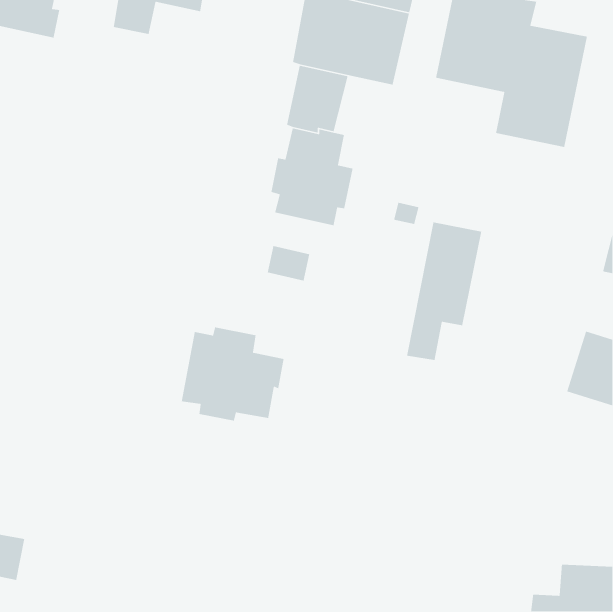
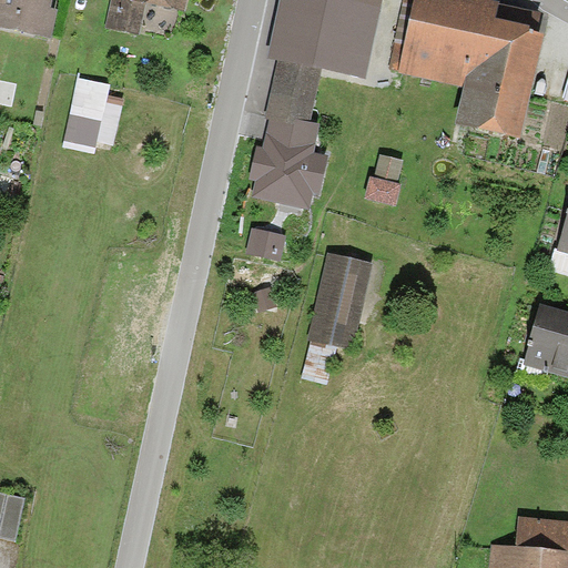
building: none -> [63,75,120,146]
building: [406,222,482,361] -> [306,241,376,369]
building: [181,327,284,422] -> none

